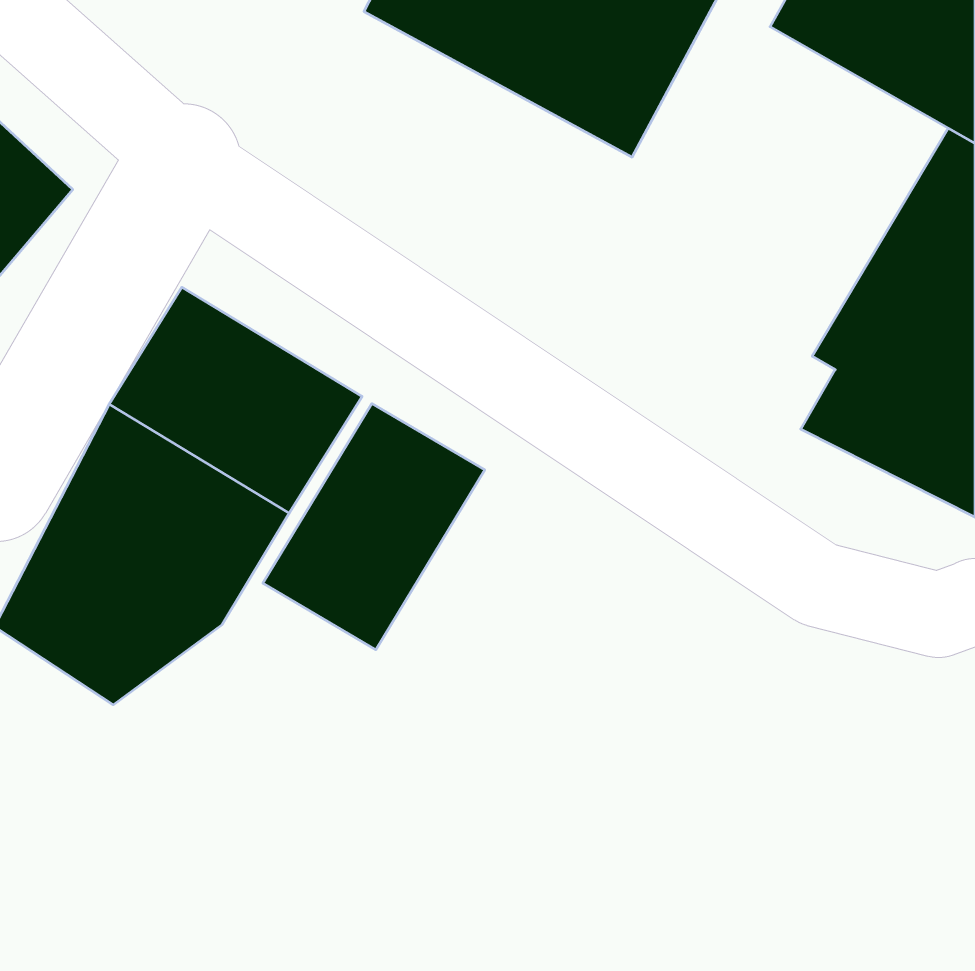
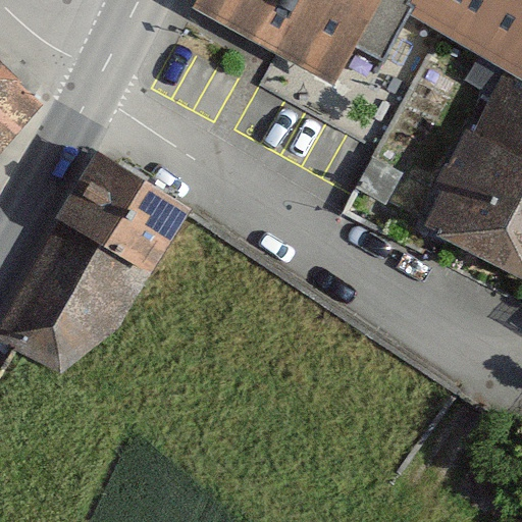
building: [263,404,485,650] -> none

